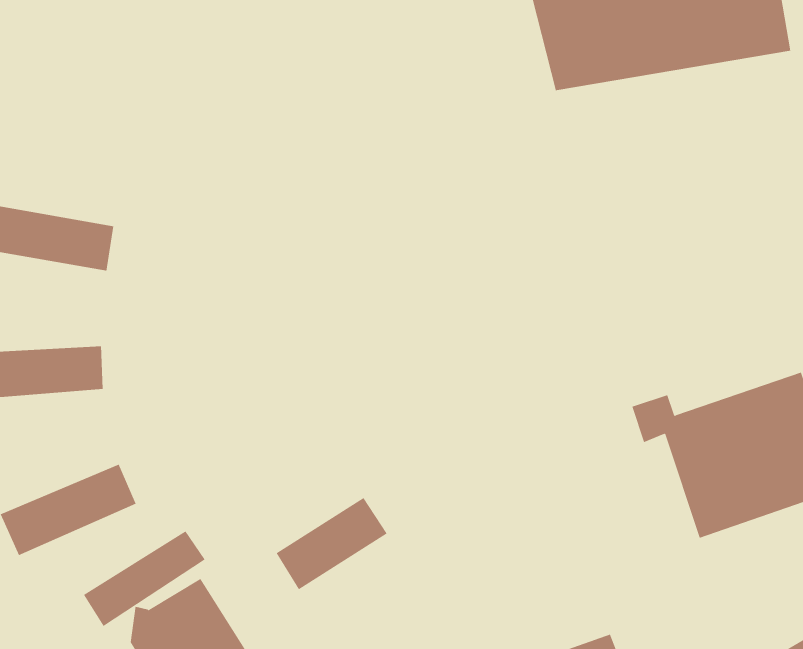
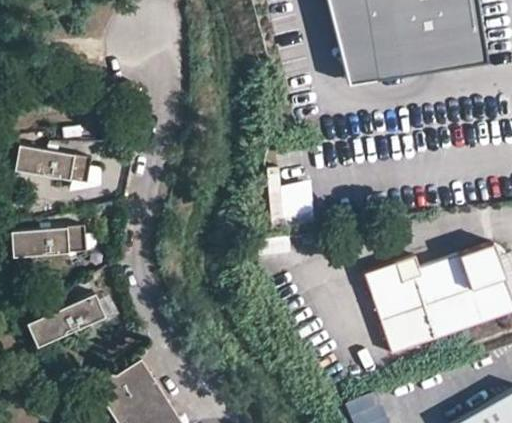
building: none -> [361,262,431,353]
building: [276,497,388,590] -> none
building: [83,531,205,627] -> none

